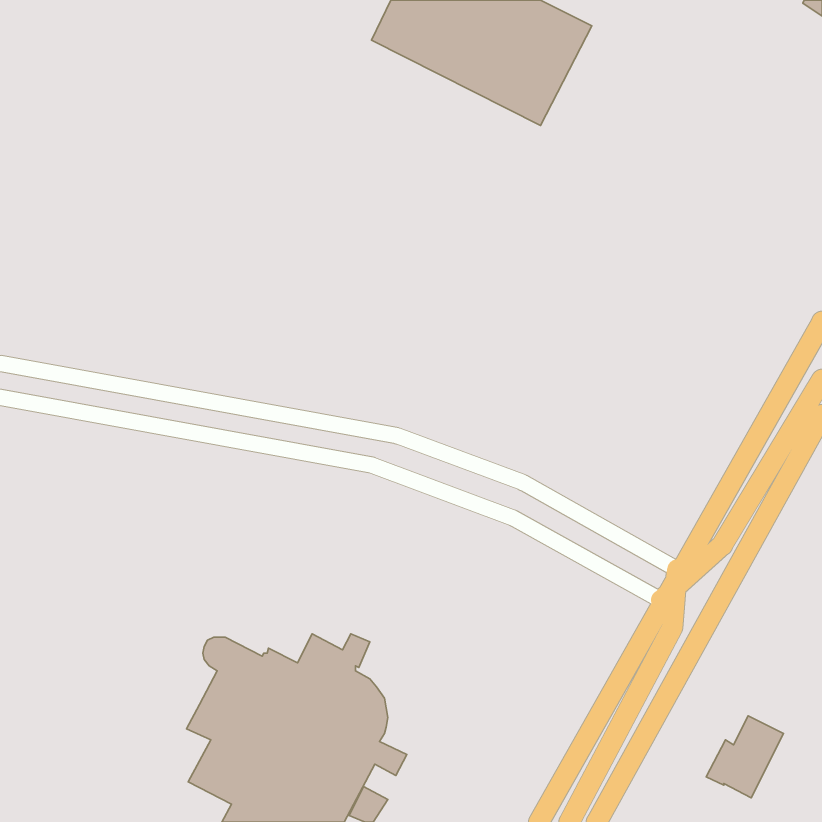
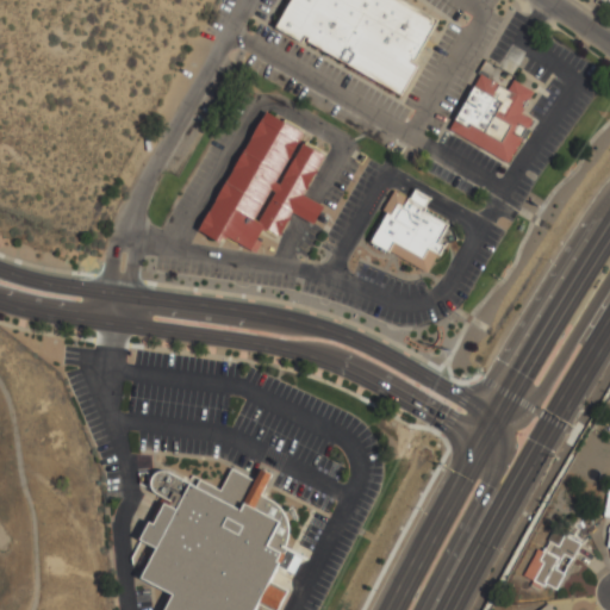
building: none -> [447,74,534,166]
building: none -> [203,111,324,251]
building: none -> [367,189,453,274]

